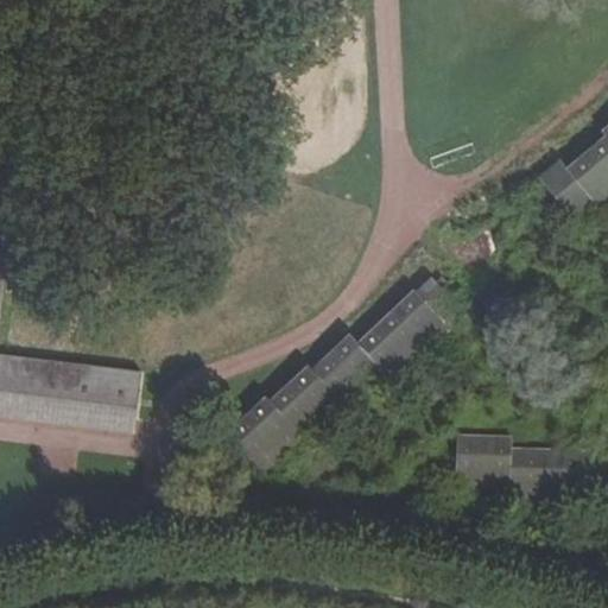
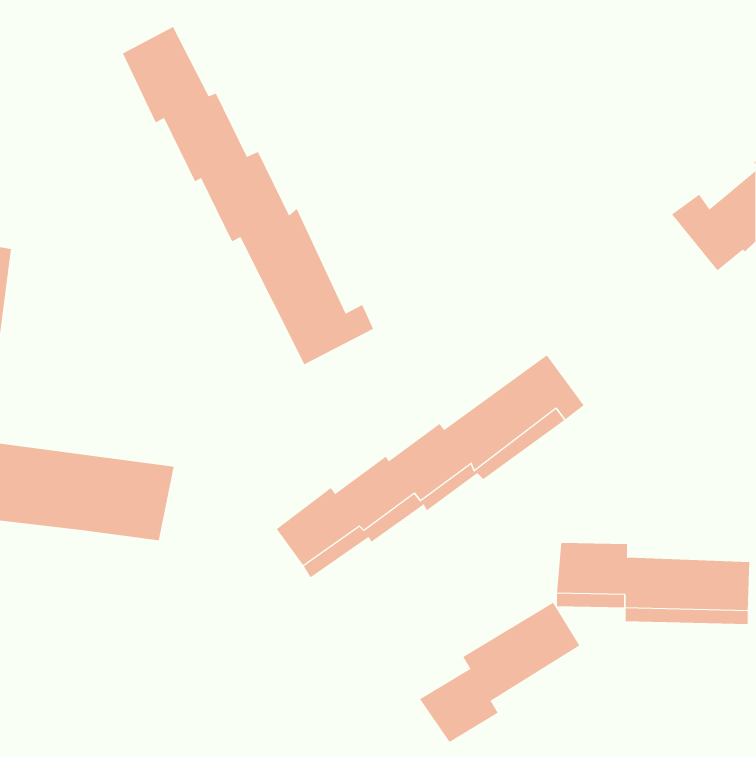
building: none -> [122,26,374,365]
building: none -> [419,602,580,743]

